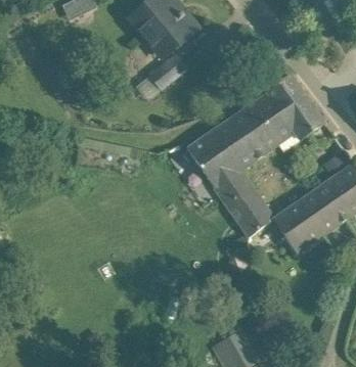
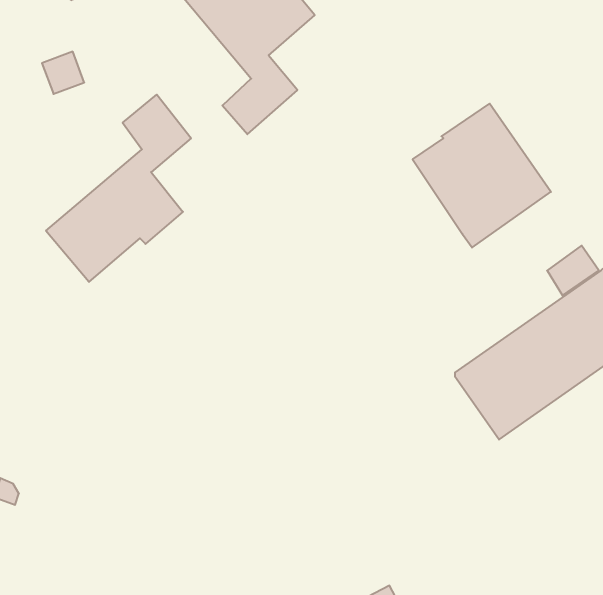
building: none -> [46,95,191,282]
building: [187,103,278,236] -> none

